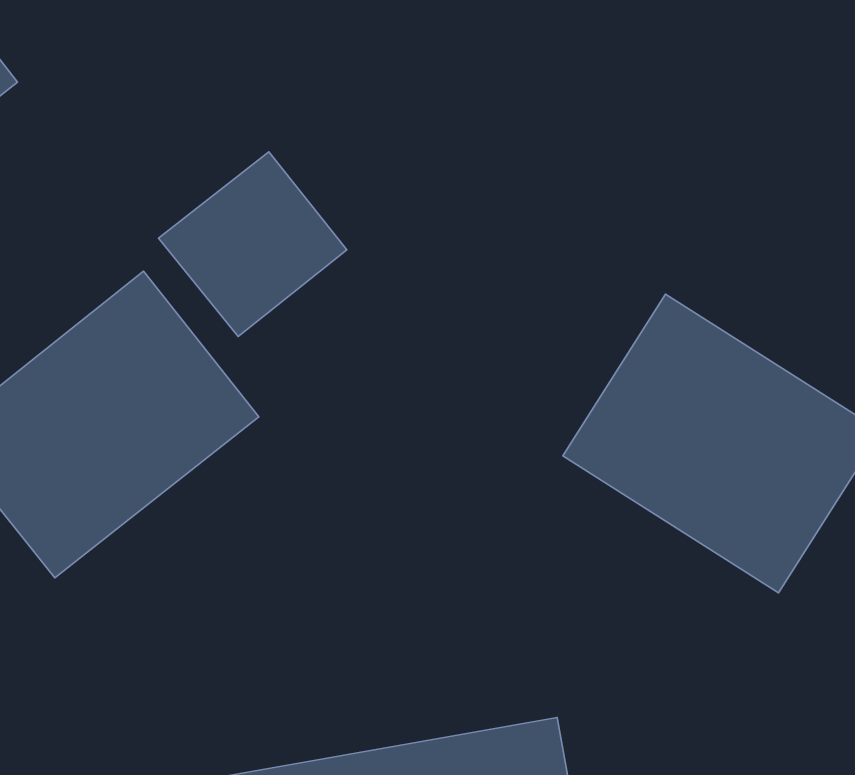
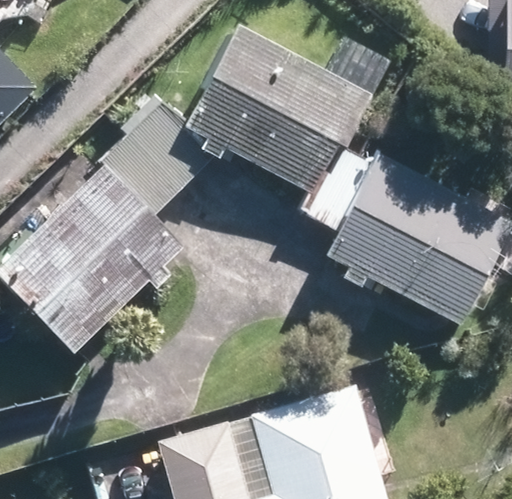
building: none -> [191,35,354,187]

